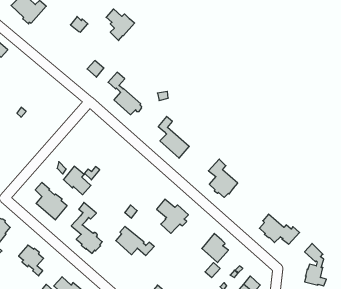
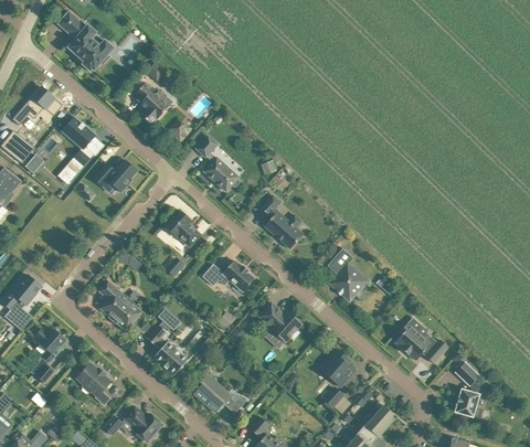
building: [106,9,135,41] -> [134,83,171,125]
building: none -> [61,117,97,166]
building: none -> [93,161,136,192]
building: [63,166,91,195] -> [163,209,200,246]
building: none -> [208,259,253,291]
building: [116,226,154,256] -> [193,374,244,413]

